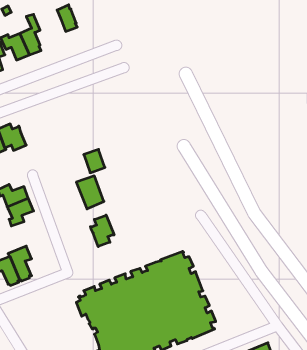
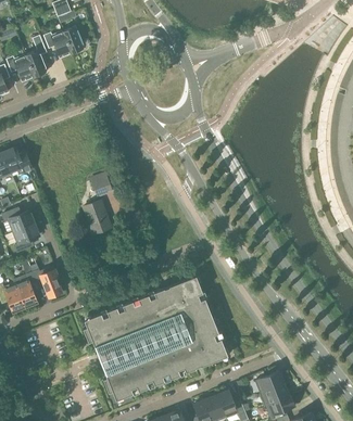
building: none -> [43,31,72,59]
building: [90,215,114,247] -> none
building: none -> [31,267,63,297]

